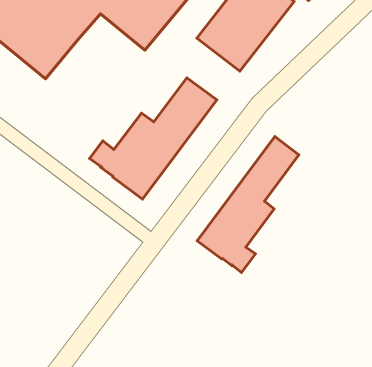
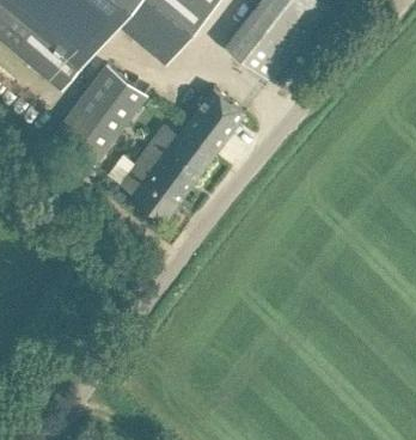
building: none -> [55,63,148,164]
building: [197,137,299,272] -> none

